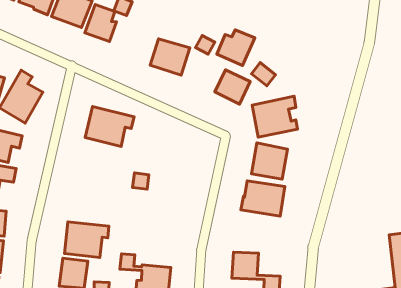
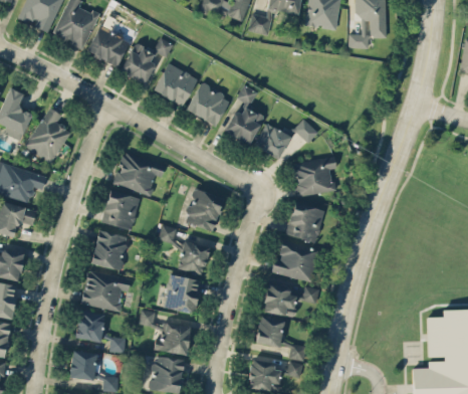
building: none -> [153,62,198,106]
building: [217,30,255,65] -> [224,107,265,145]
building: none -> [186,189,222,230]
building: none -> [100,189,141,230]
building: none -> [90,229,130,270]
building: none -> [179,241,209,273]
building: none -> [163,273,203,314]
building: none -> [262,283,318,317]

